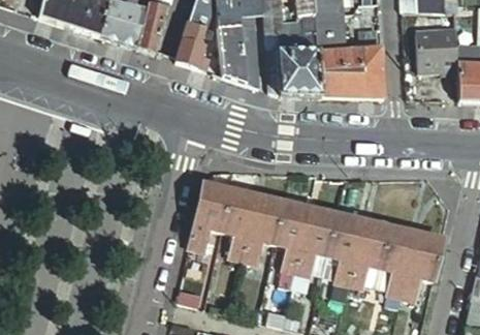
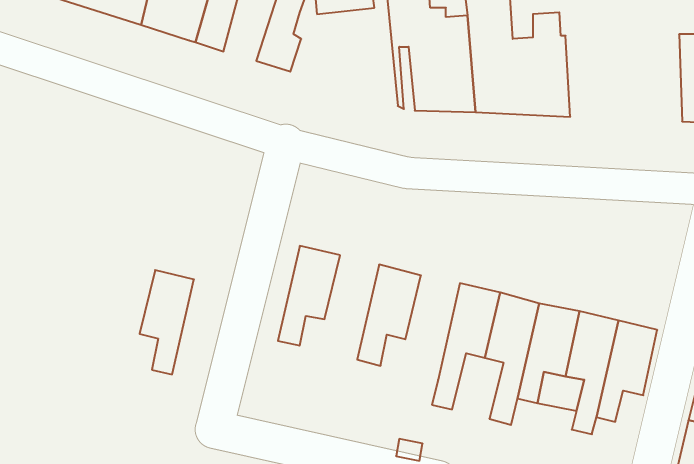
building: [217,25,260,87] -> none
building: [418,28,458,70] -> none
building: [222,189,258,258] -> [140,270,194,374]
building: [276,203,312,272] -> none

